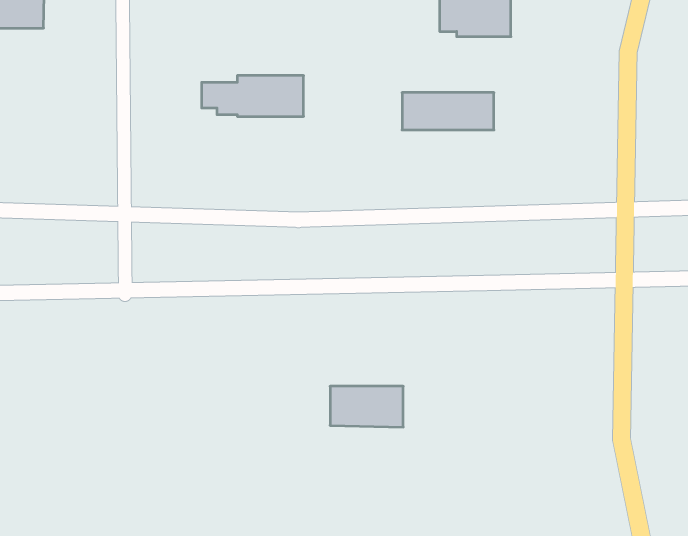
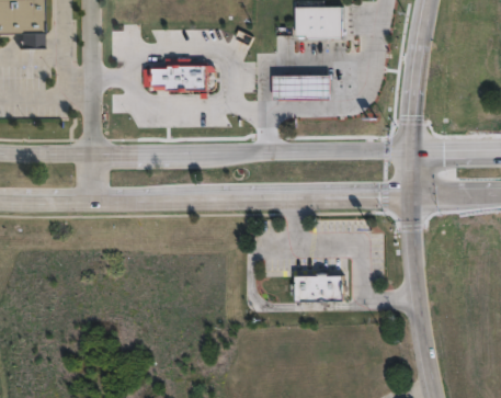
building: [330,386,403,427] -> [296,275,343,302]

